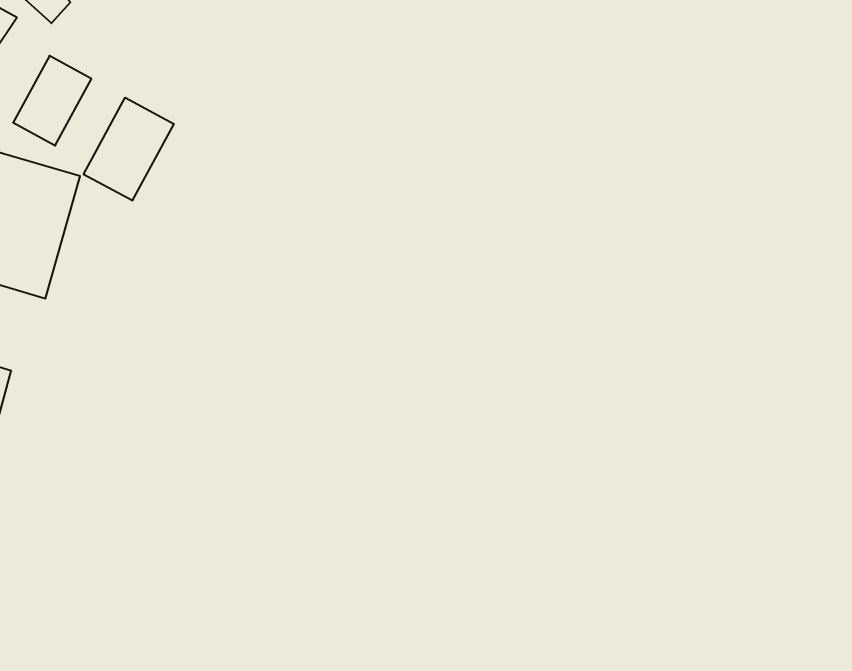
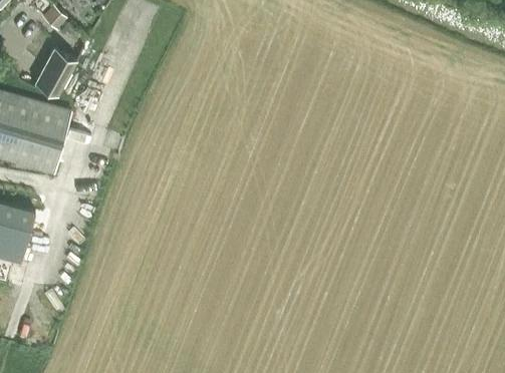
building: [84,98,174,201] -> none

